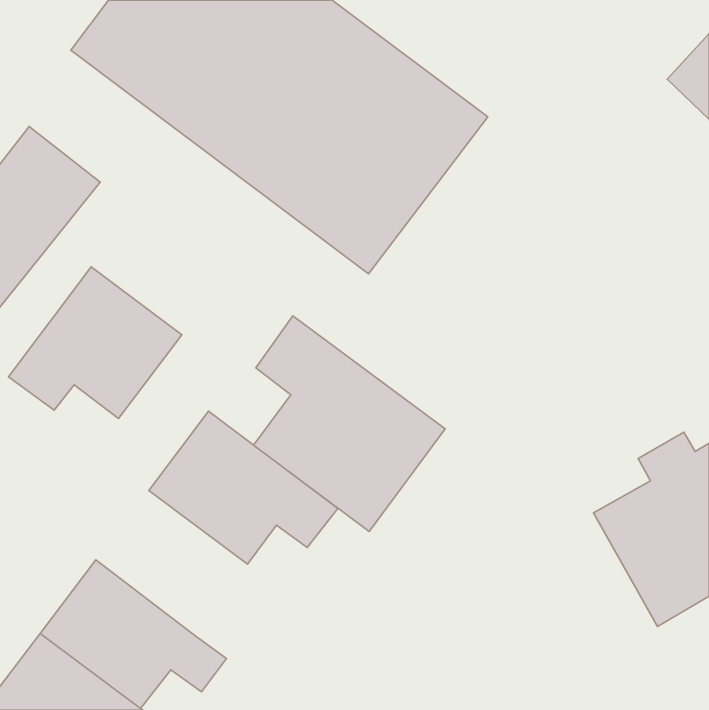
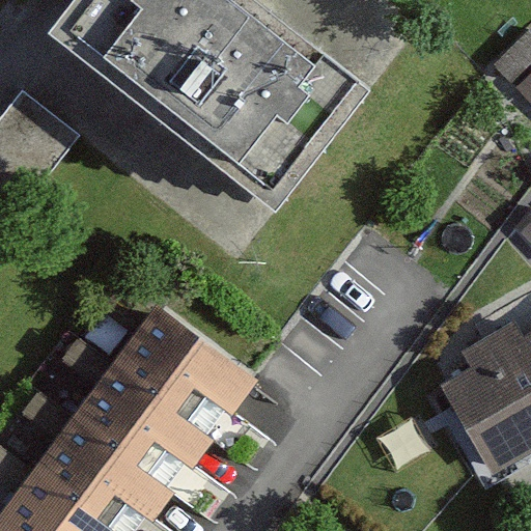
building: [8,267,182,418] -> none
building: [254,316,445,532] -> none
building: none -> [72,366,207,475]

